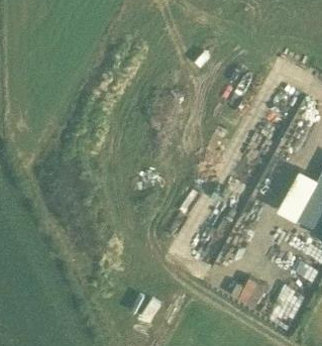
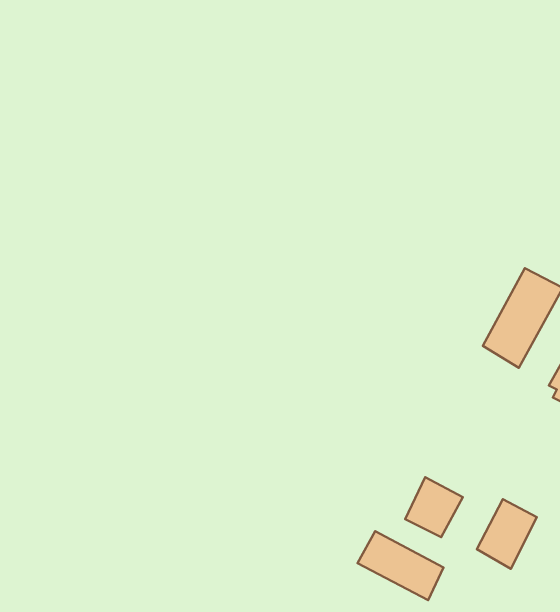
building: none -> [358,531,443,600]

